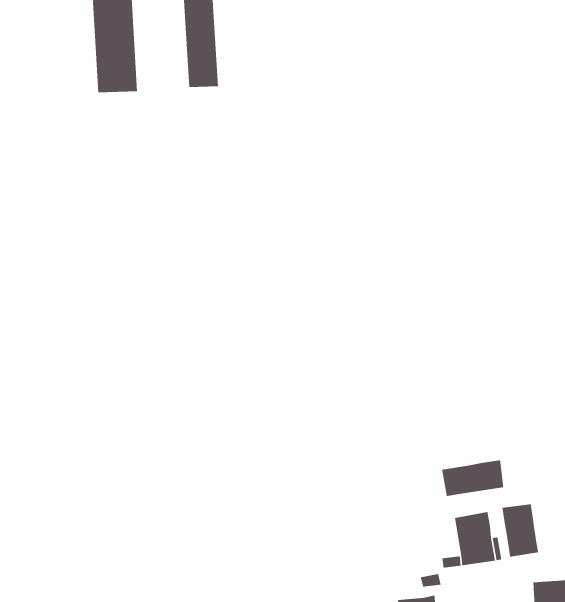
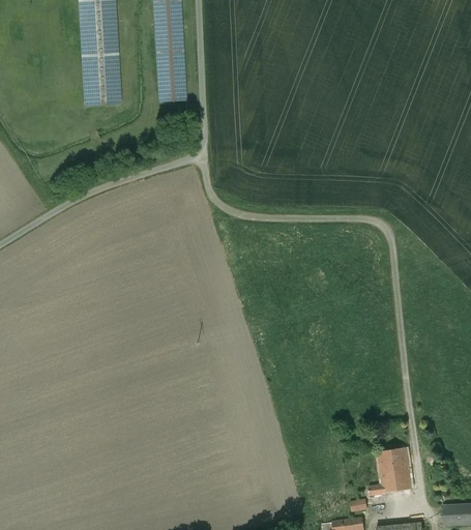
building: [442,460,504,497] -> none
building: [502,504,539,558] -> none

